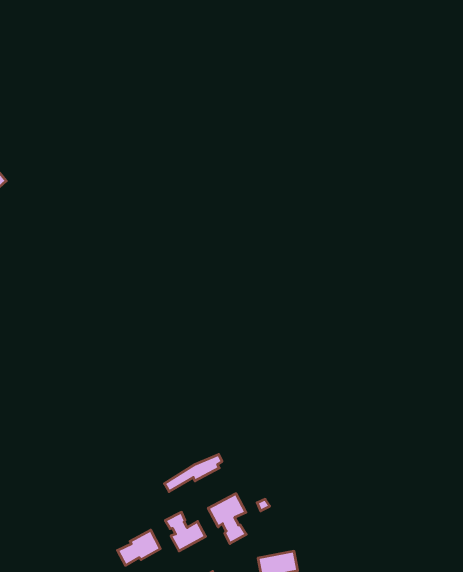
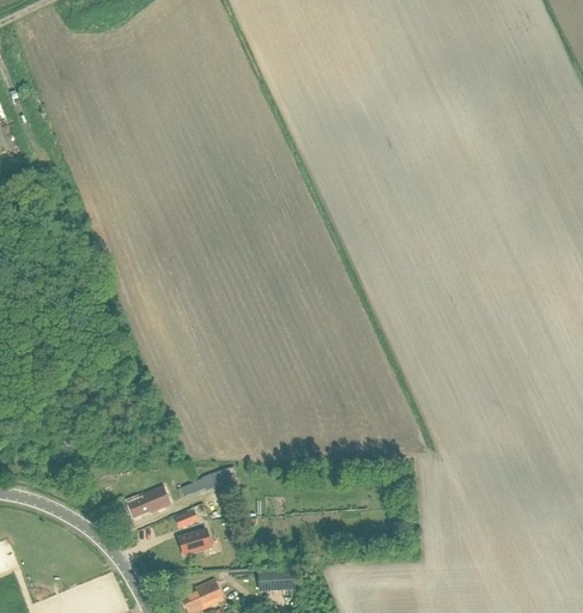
building: [208,494,246,544] -> none
building: [117,530,160,565] -> [129,485,171,516]

